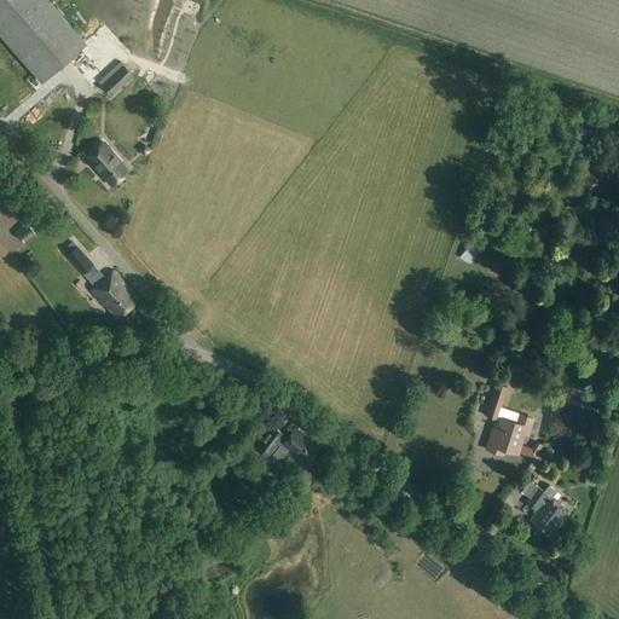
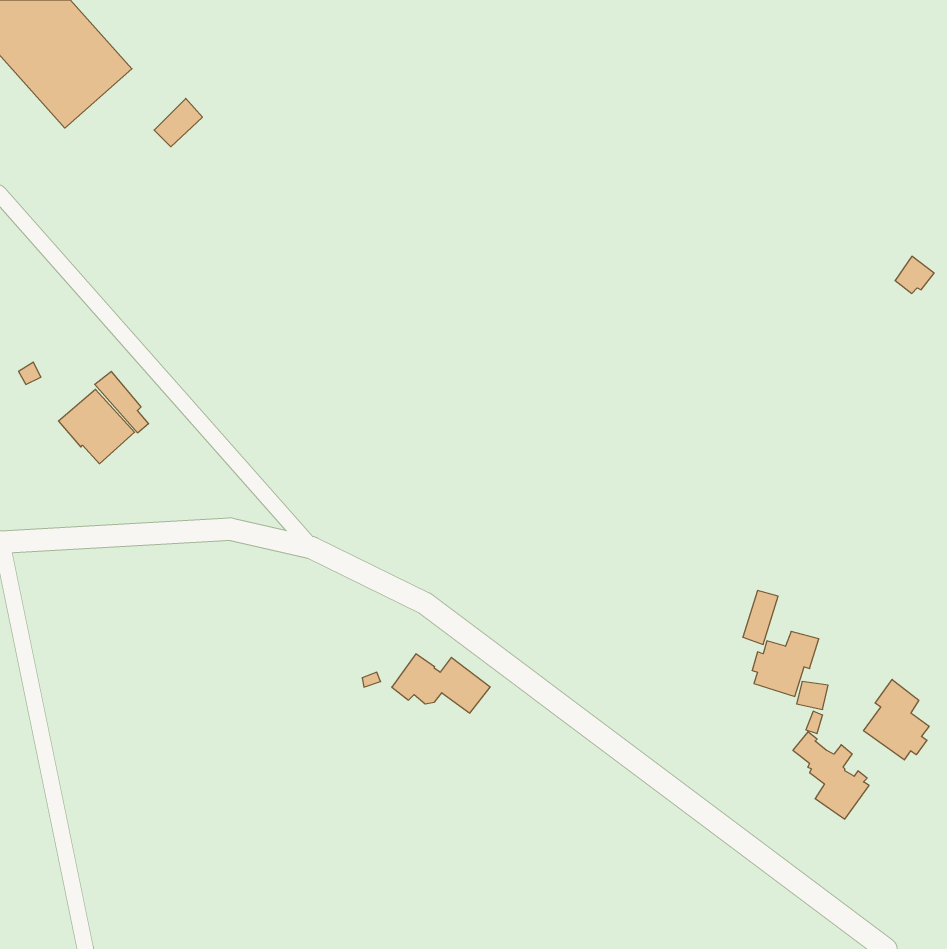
building: [85,138,127,183] -> none
building: [91,272,140,320] -> [58,389,135,464]
building: none -> [864,679,929,760]

